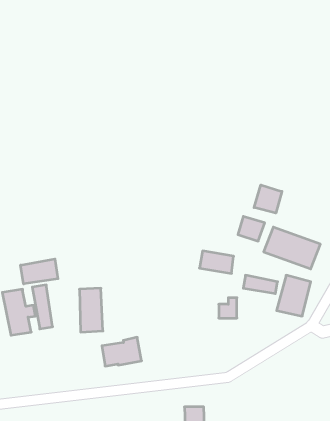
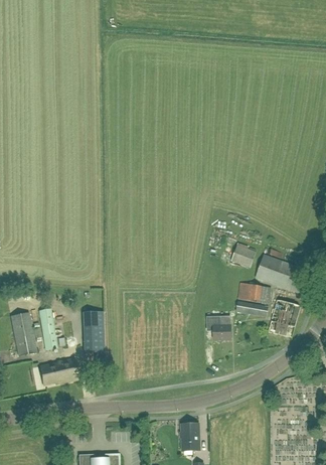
building: [254,185,282,213] -> none
building: [199,251,234,273] -> [239,282,272,303]
building: [21,259,58,284] -> none
building: [102,337,142,366] -> [39,357,76,384]

